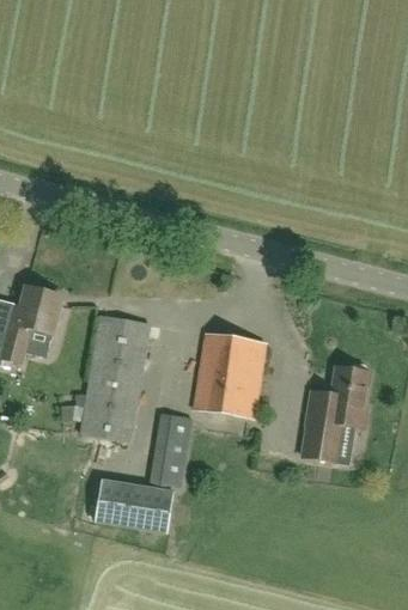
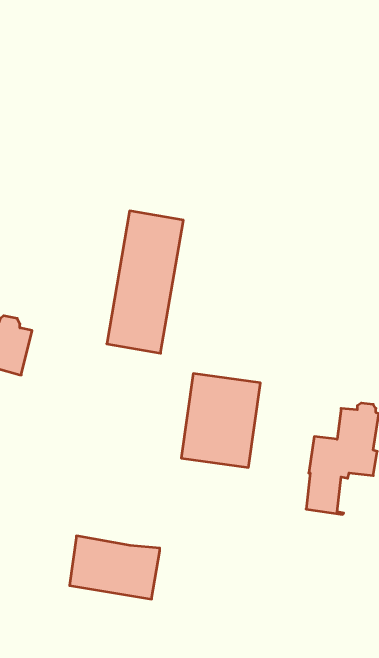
building: [81,316,150,443] -> [107,211,183,353]
building: [148,413,194,488] -> none

